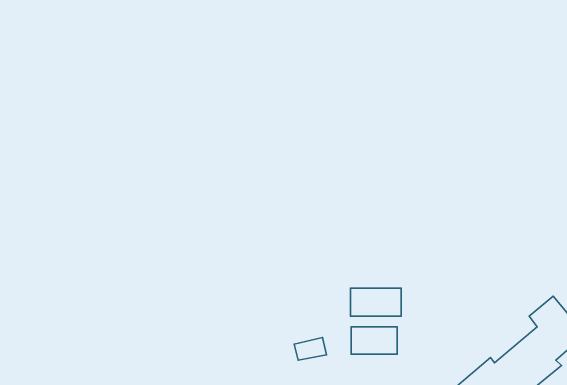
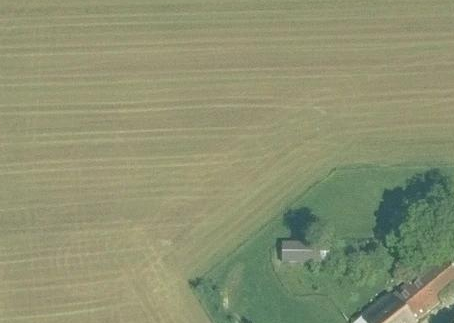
building: [351,327,397,354] -> none

